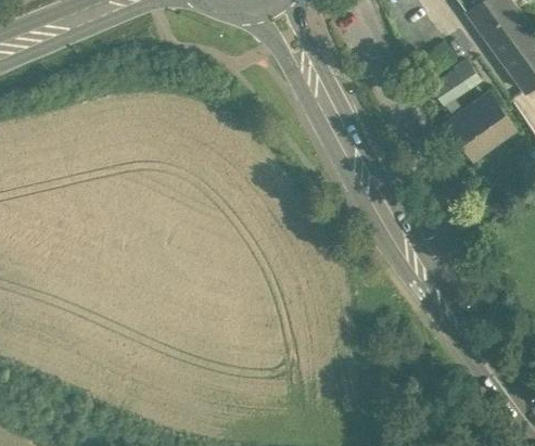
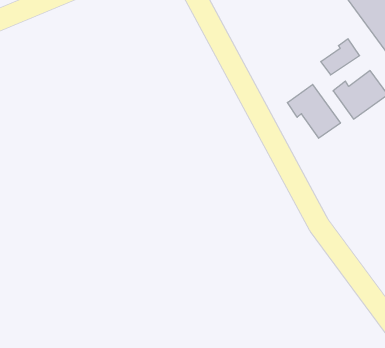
building: none -> [287,84,340,138]

